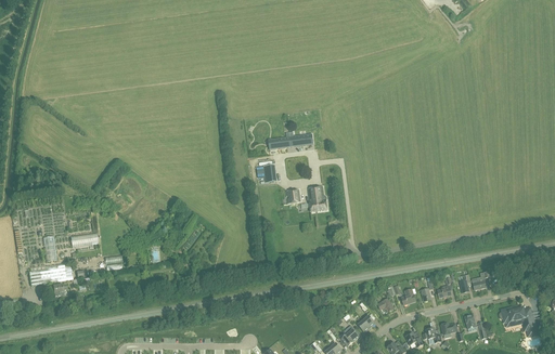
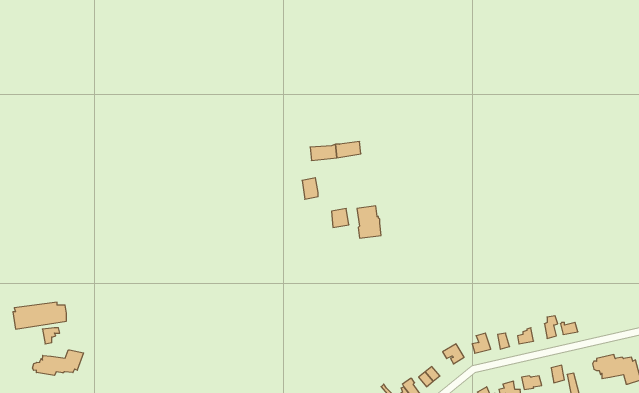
building: none -> [32,350,84,375]

